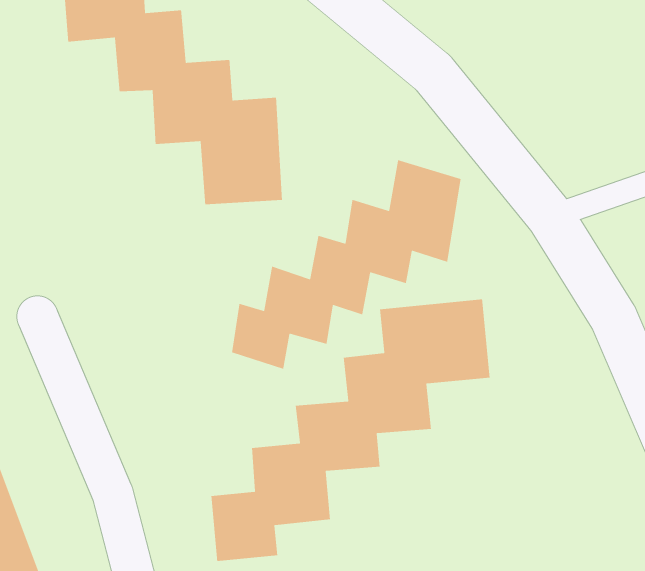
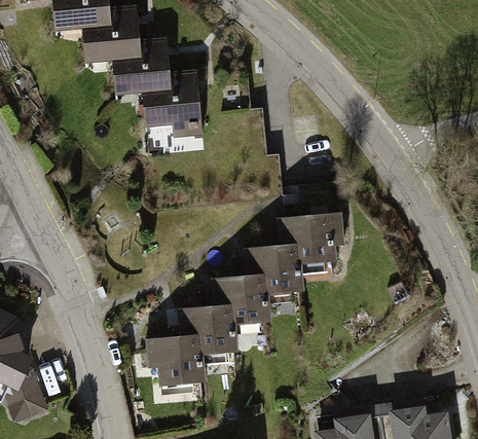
building: [231,159,461,370] -> none

